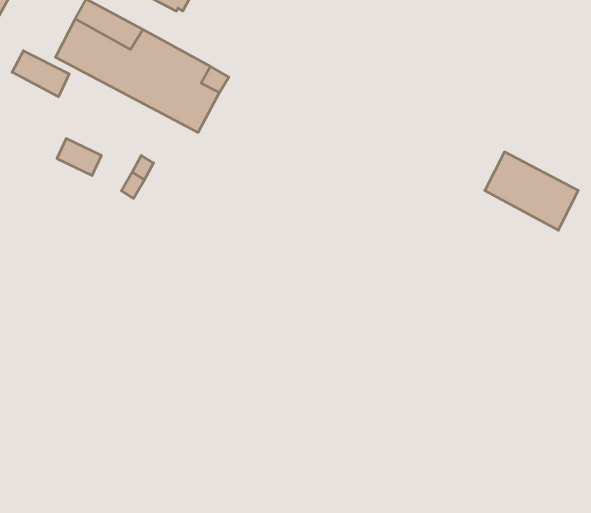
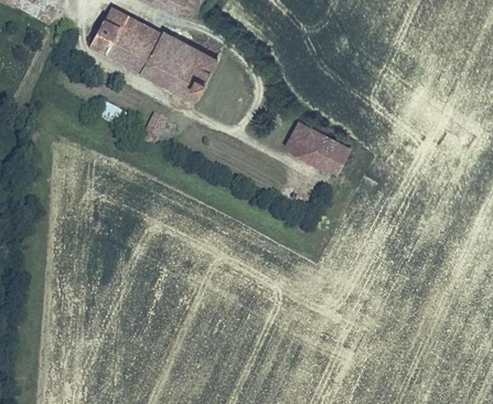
building: [12,51,69,97] -> none
building: [485,152,578,230] -> [279,119,346,176]

